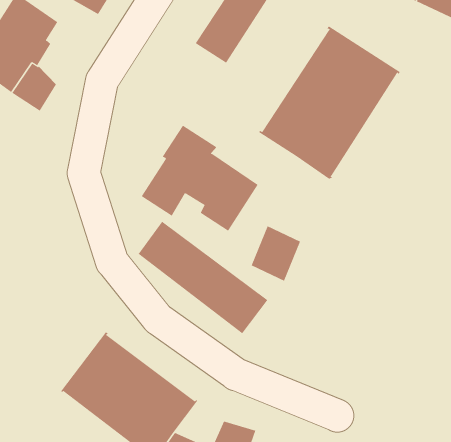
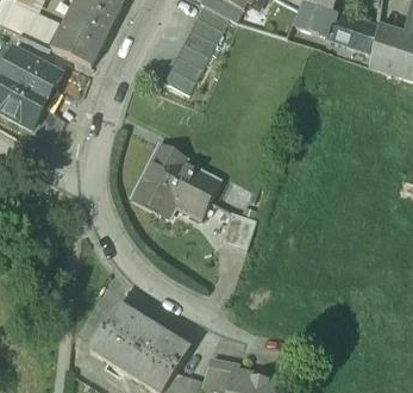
building: [259,26,401,180] -> none
building: [138,221,268,334] -> none

